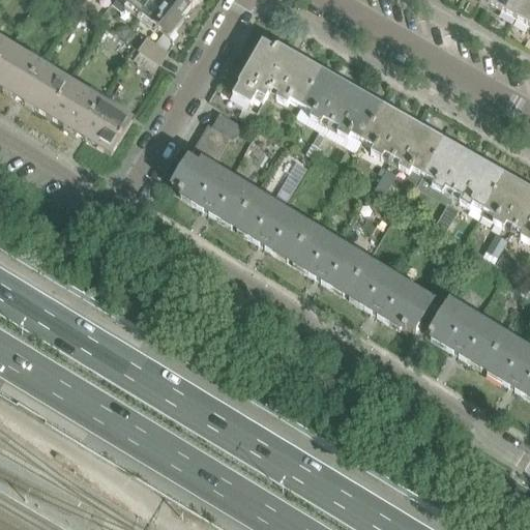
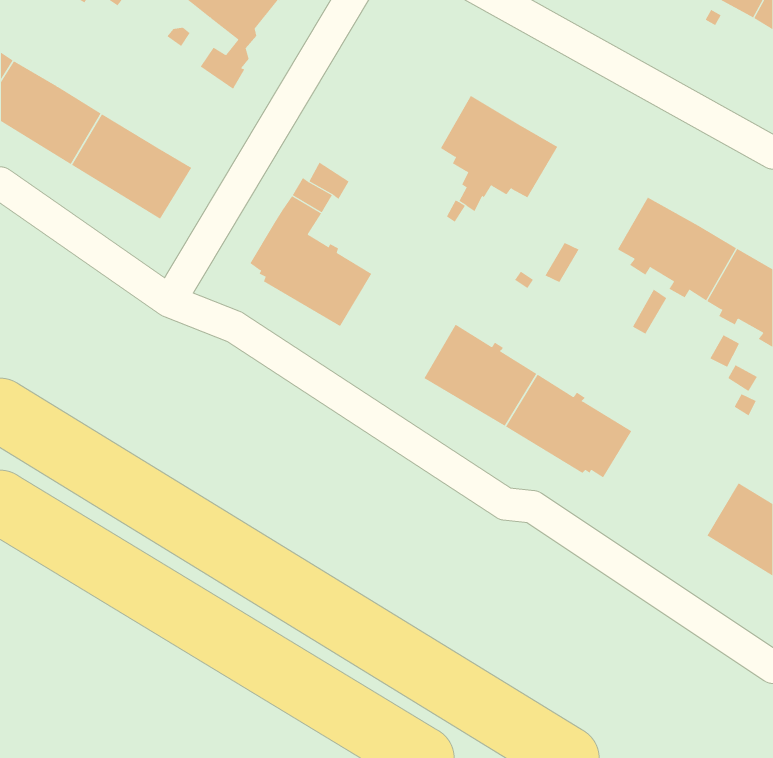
building: [231,35,322,120] -> none
building: [361,100,443,180] -> none
building: [233,187,312,259] -> none
building: [428,295,505,366] -> none

